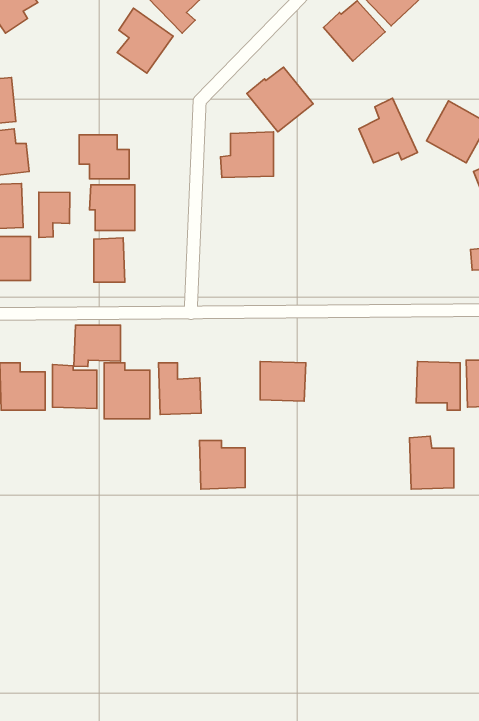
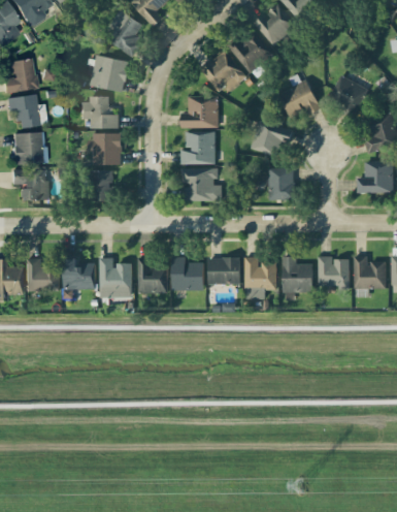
building: none -> [229,29,272,72]
building: none -> [90,56,128,92]
building: none -> [250,120,292,156]
building: none -> [180,132,214,164]
building: [39,192,70,237] -> none
building: none -> [181,168,222,201]
building: none -> [268,168,294,200]
building: [74,325,121,367] -> none
building: none -> [244,257,276,299]
building: [410,436,454,489] -> [282,256,312,293]
building: [199,440,245,489] -> [171,257,203,291]

